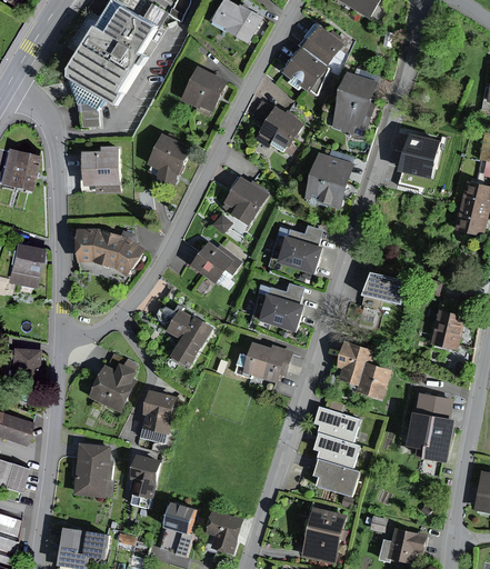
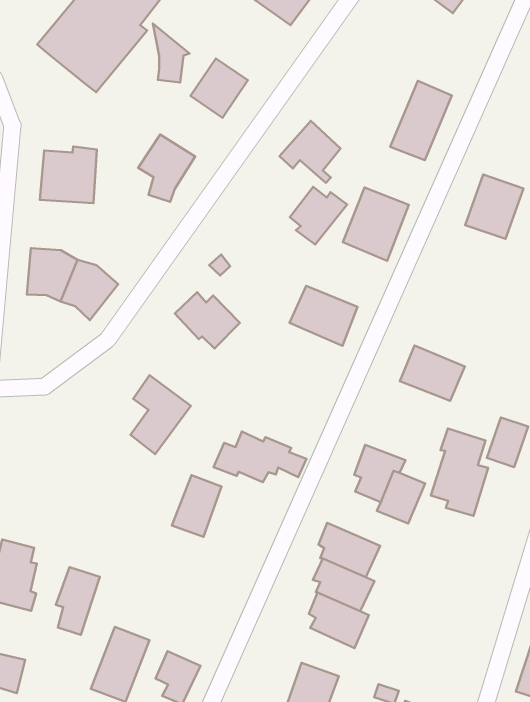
building: [284,24,344,90] -> none
building: [74,83,104,124] -> [153,23,190,82]
building: [222,180,263,222] -> [290,187,347,244]
building: [258,289,306,331] -> none
building: [92,355,134,410] -> none
building: [411,397,451,459] -> [431,428,488,516]
building: [139,399,172,443] -> [172,475,222,537]

